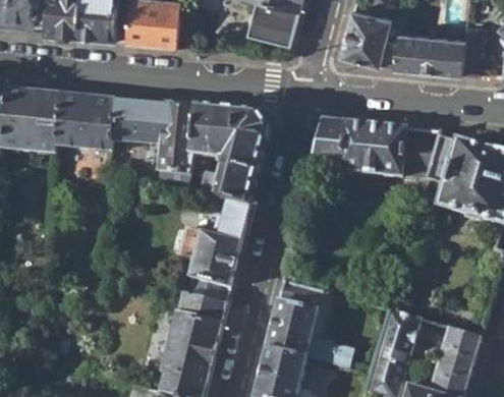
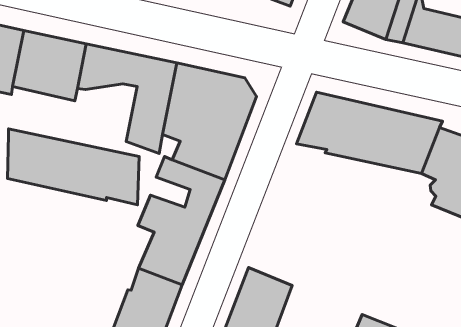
building: none -> [7,129,139,205]

